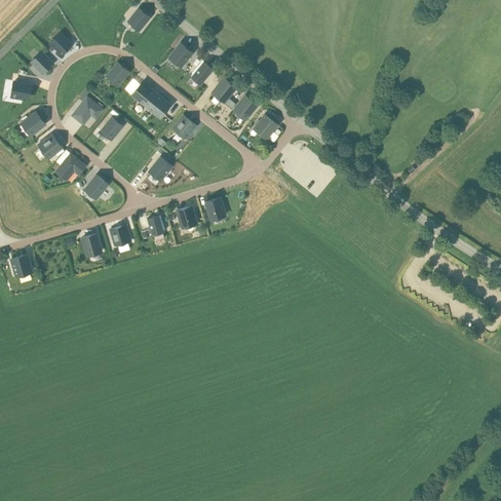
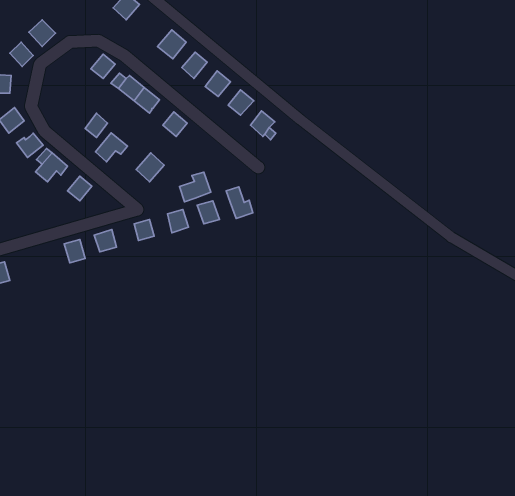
building: [72,98,102,124] -> [95,133,128,162]
building: none -> [180,172,211,202]
building: none -> [226,187,253,219]

